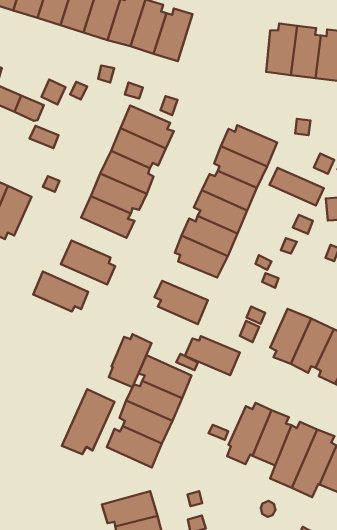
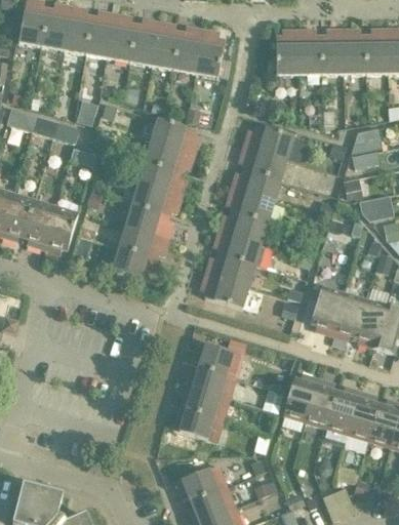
building: none -> [195,30,225,78]
building: [33,272,88,312] -> [119,226,168,258]
building: [109,334,152,387] -> none
building: [185,336,240,375] -> [205,254,254,286]
building: [62,389,114,454] -> none

